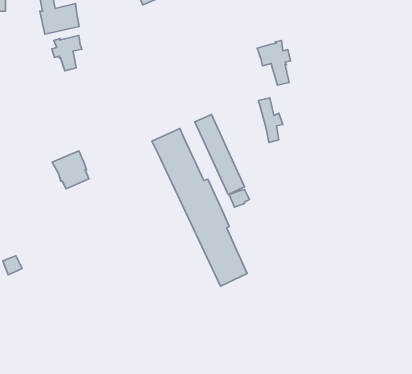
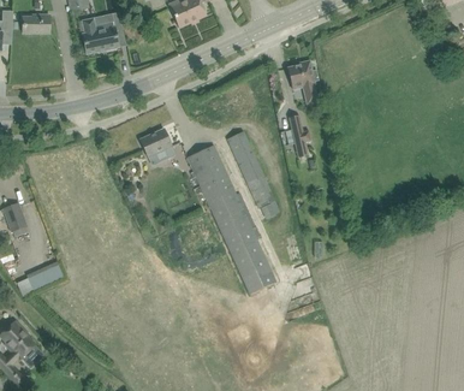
building: [52,35,82,71] -> none
building: [52,151,89,189] -> [138,128,173,164]

